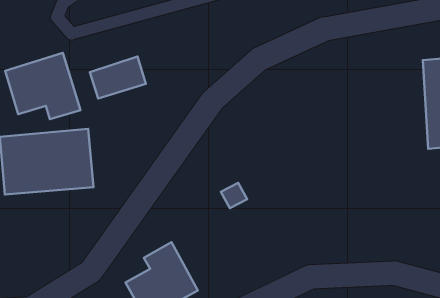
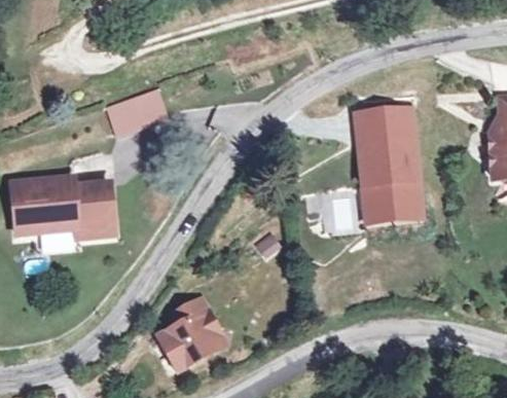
building: [5,53,81,119] -> none
building: none -> [358,106,427,223]

